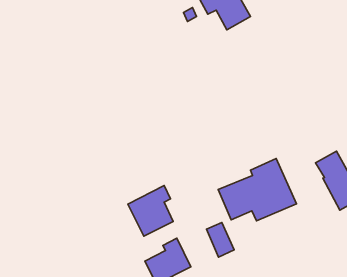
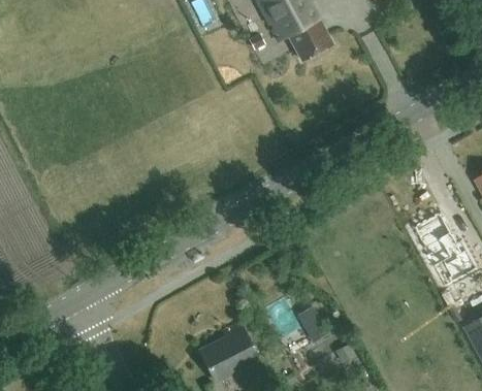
building: [218,159,296,221] -> none
building: [128,186,173,236] -> none

